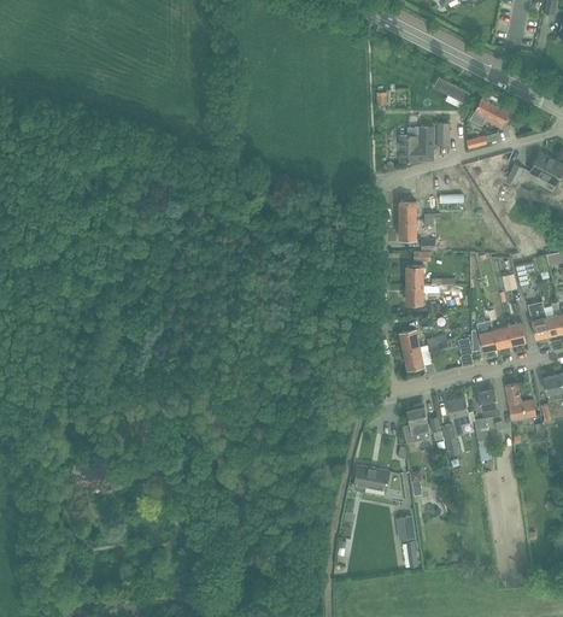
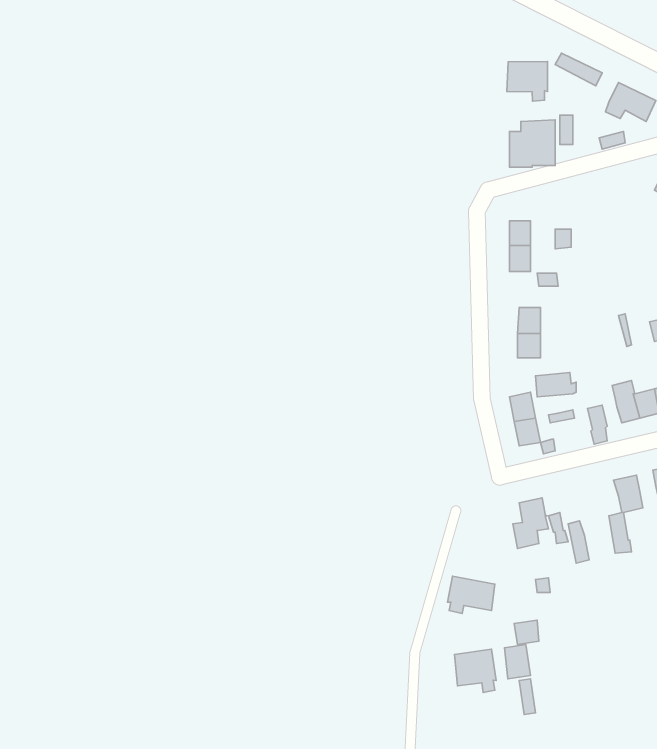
building: none -> [507,61,547,101]
building: [446,396,469,434] -> none
building: none -> [454,649,496,693]

